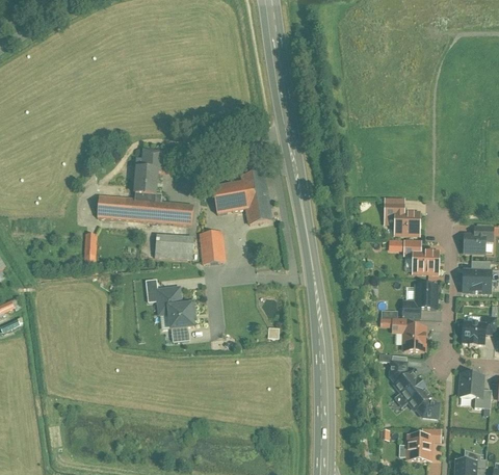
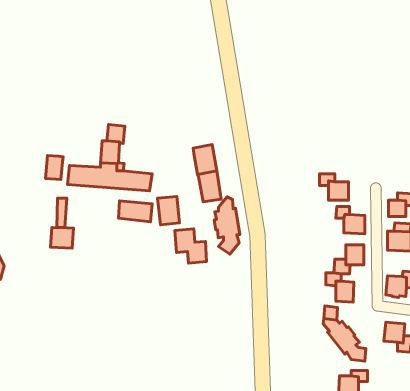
building: [212,181,246,212] -> none
building: none -> [46,156,63,179]
building: none -> [214,197,240,254]
building: none -> [50,228,73,248]
building: [156,287,192,326] -> [175,229,207,263]

